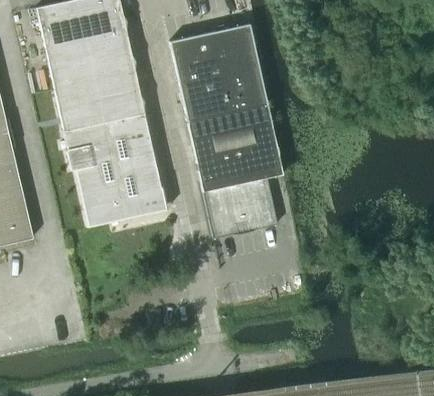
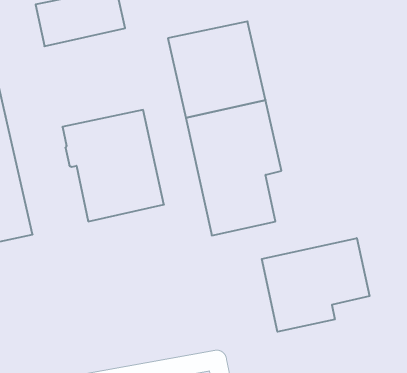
building: [45,31,144,130] -> none
building: none -> [262,238,370,332]

